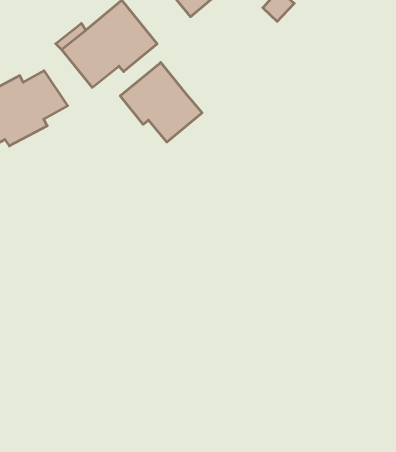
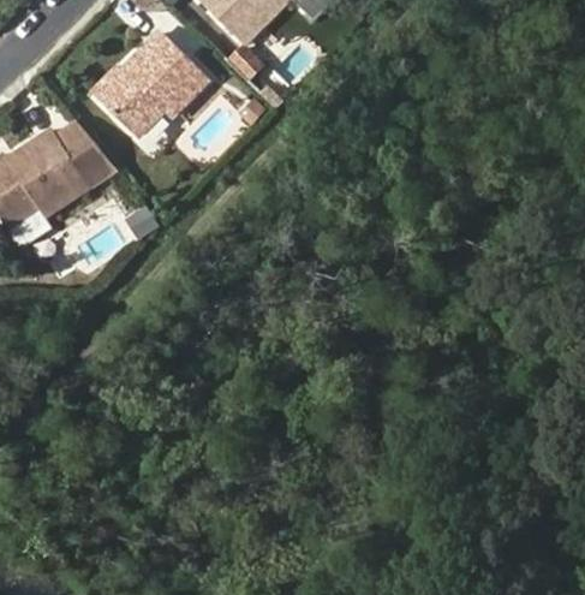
building: [120,62,202,142] -> none

